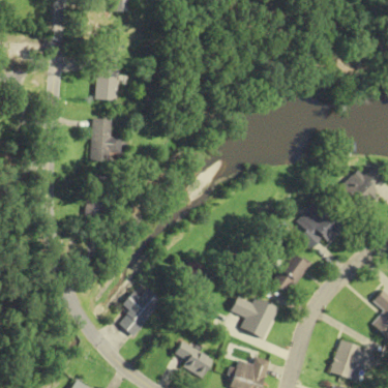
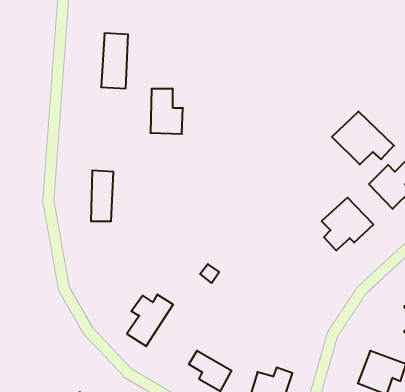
building: [91,119,121,160] -> [150,89,183,134]
building: none -> [332,111,394,165]
building: [271,252,310,295] -> none
building: [231,298,277,338] -> none

